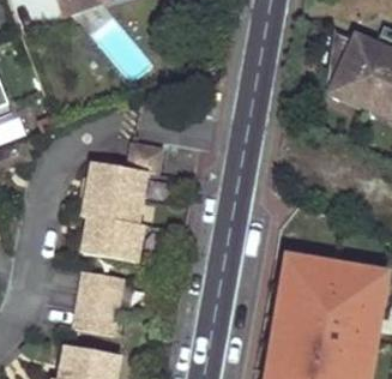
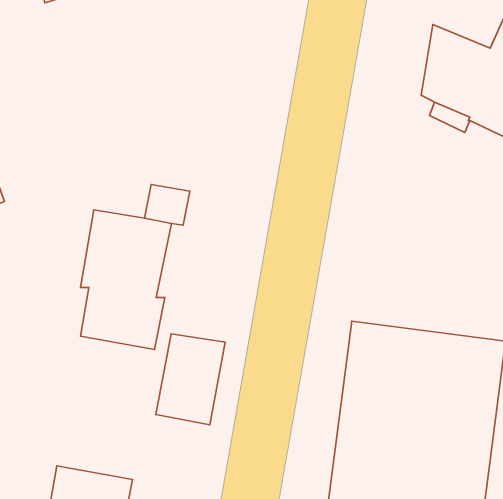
building: [74,272,123,337] -> [156,334,225,425]

